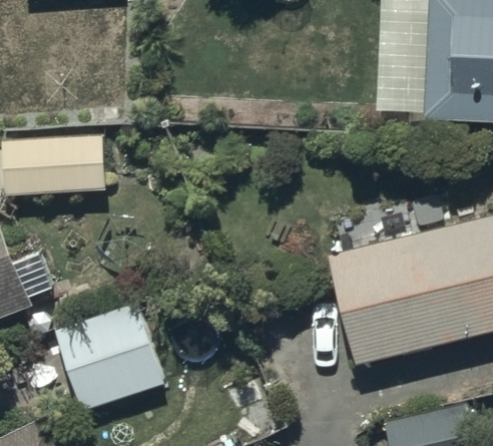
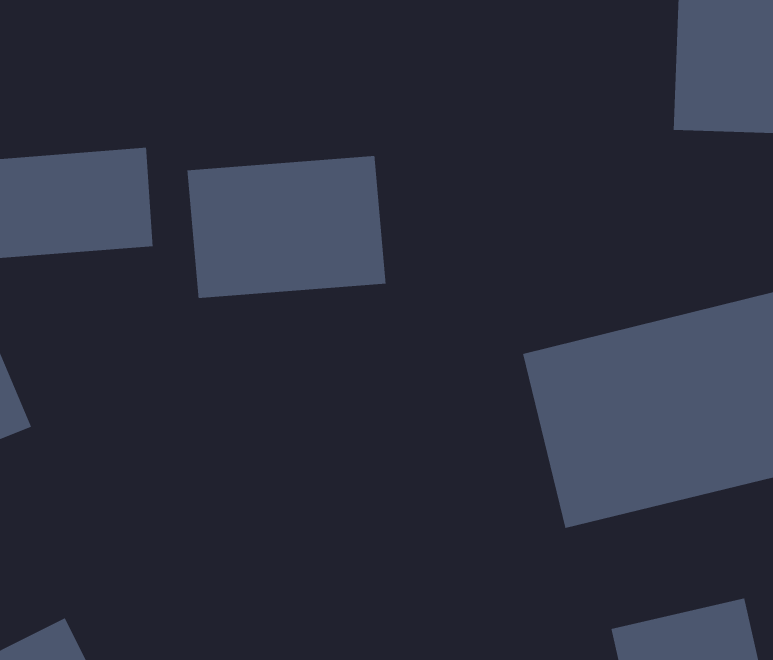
building: none -> [186,155,387,299]
building: [51,302,162,411] -> none

